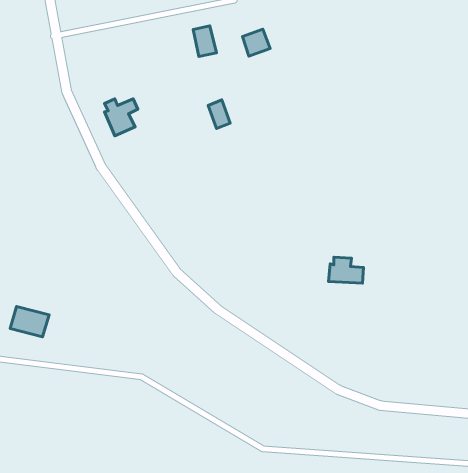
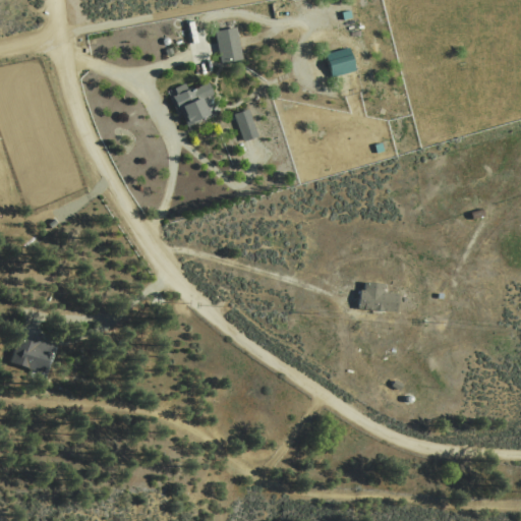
building: [242,29,270,56] -> [328,48,358,77]
building: [105,99,138,136] -> [175,84,212,125]

